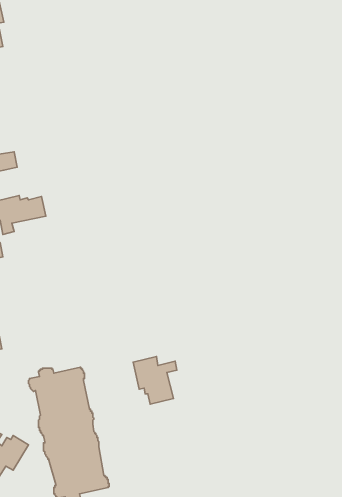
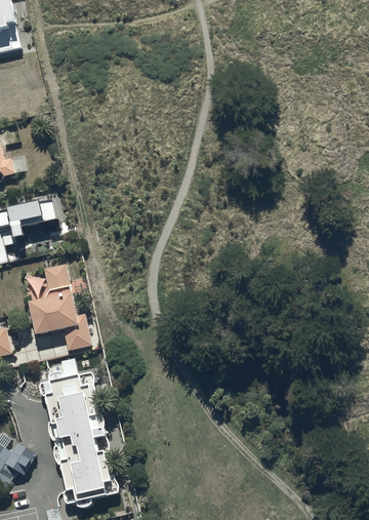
building: none -> [27,264,91,351]
building: [133,356,177,404] -> none

